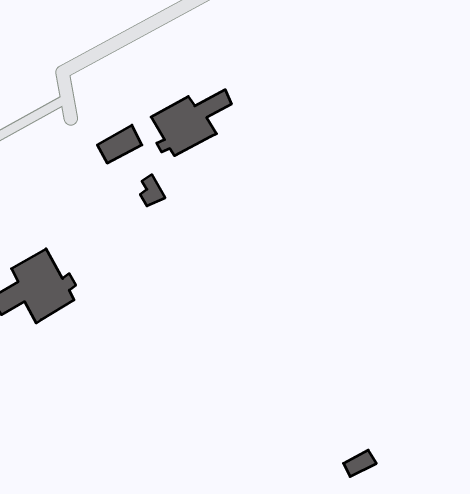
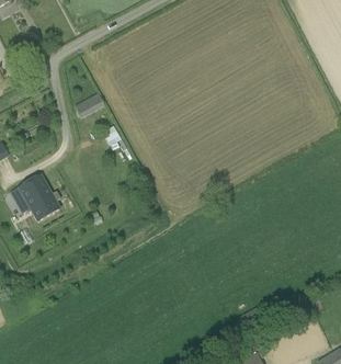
building: [151,90,231,156] -> none

